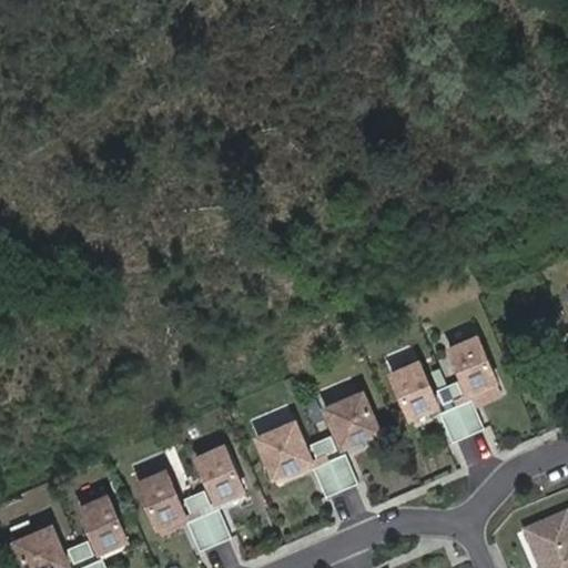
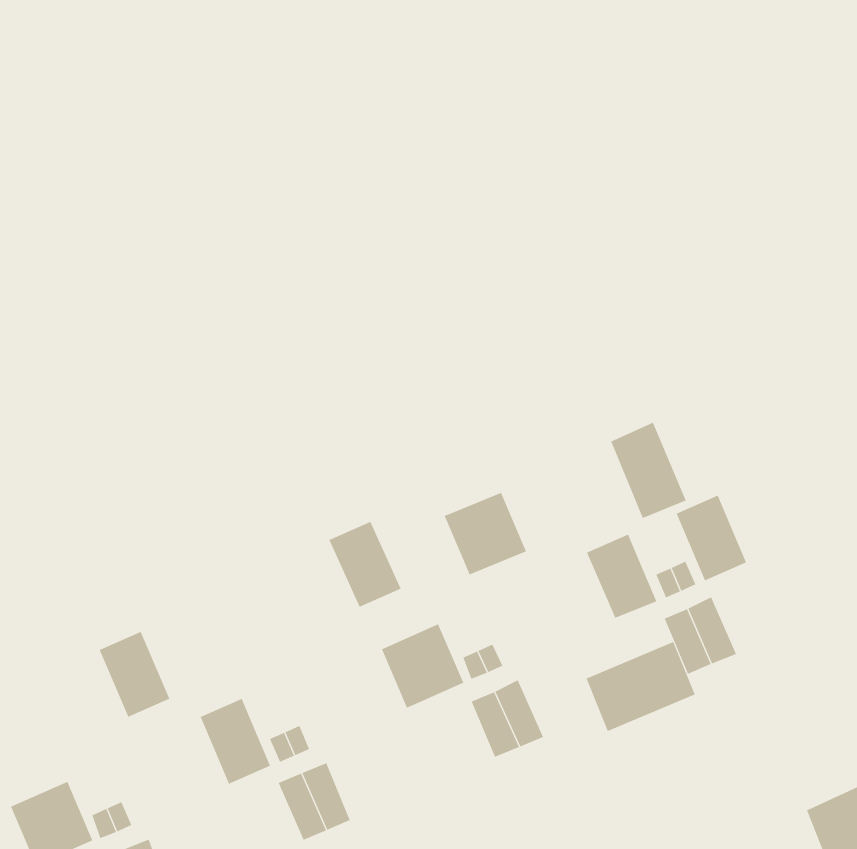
building: none -> [610,422,687,519]
building: [323,390,377,445] -> [444,492,527,575]
building: none -> [586,641,695,732]
building: [194,443,242,499] -> [329,521,401,608]
building: [78,493,124,549] -> [99,631,170,718]

